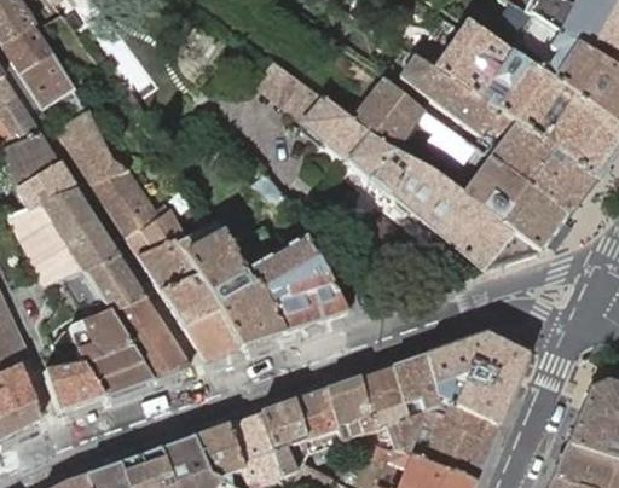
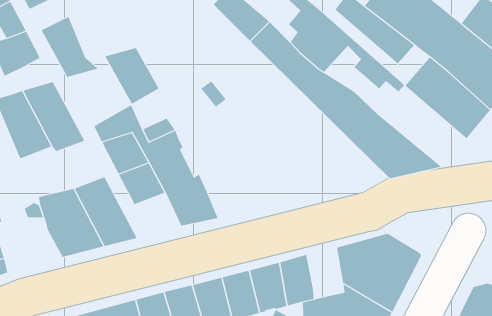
building: [461,158,567,250] -> none
building: [17,162,75,208] -> none
building: [91,169,158,237] -> [105,47,159,105]
building: [230,227,346,332] -> none
building: [85,255,145,312] -> none
building: [183,308,239,359] -> none
building: [391,355,438,412] -> none
building: [42,362,103,411] -> none

